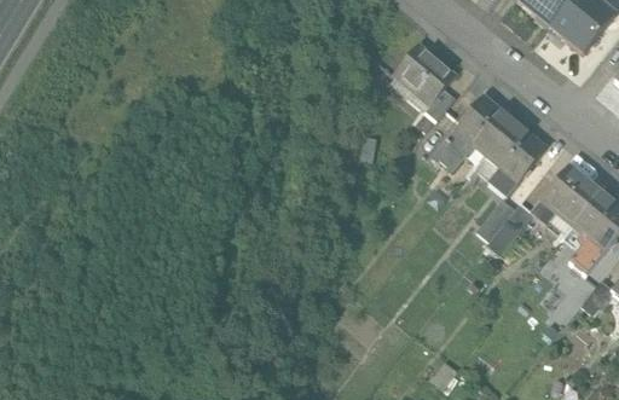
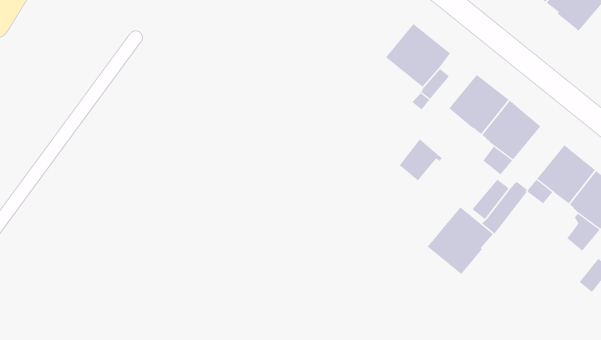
building: [433,128,476,170] -> [399,139,443,181]
building: none -> [427,207,494,275]

